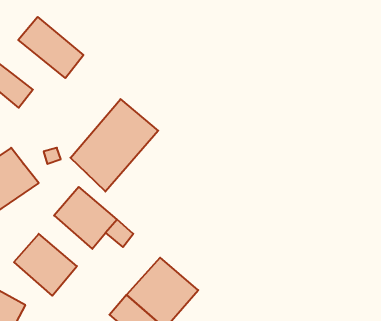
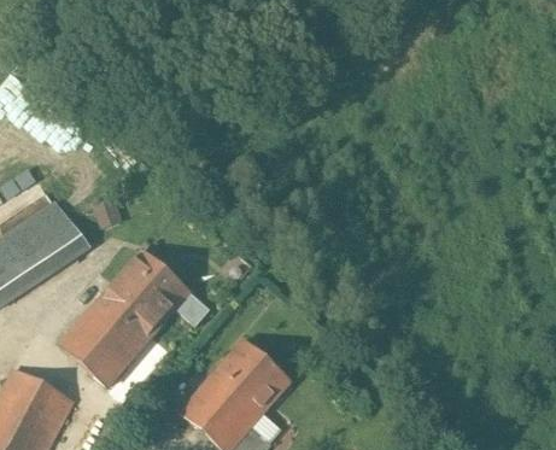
building: [18,17,83,78] -> none
building: [70,99,158,192] -> none
building: none -> [89,287,157,351]

